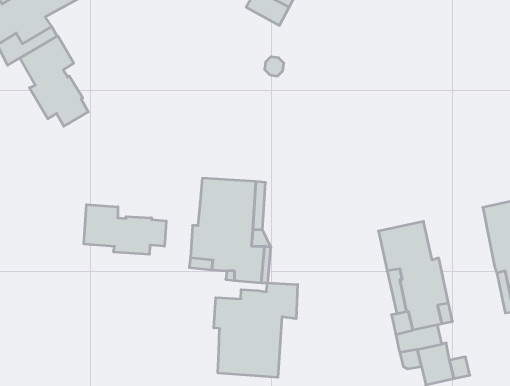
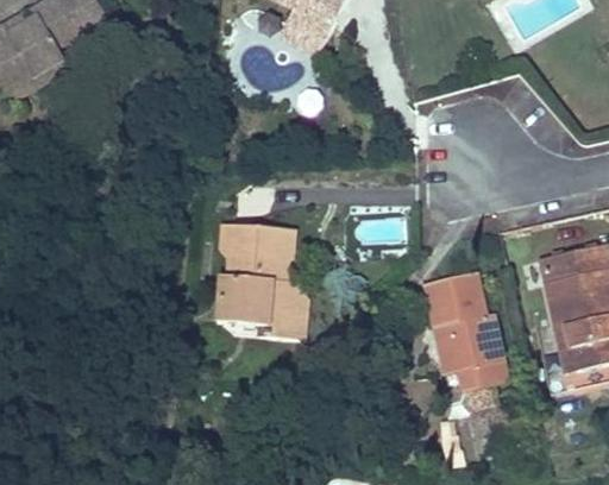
building: [20,36,88,126] -> none
building: [84,205,166,254] -> none
building: [214,283,298,377] -> none

